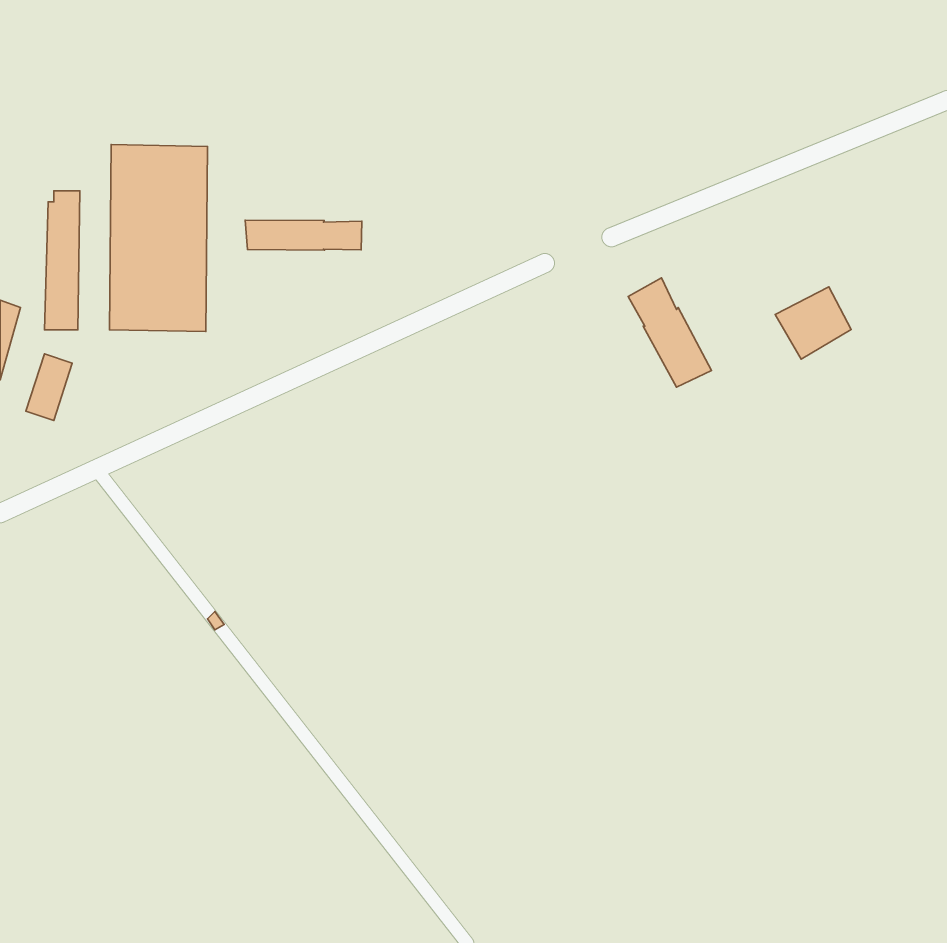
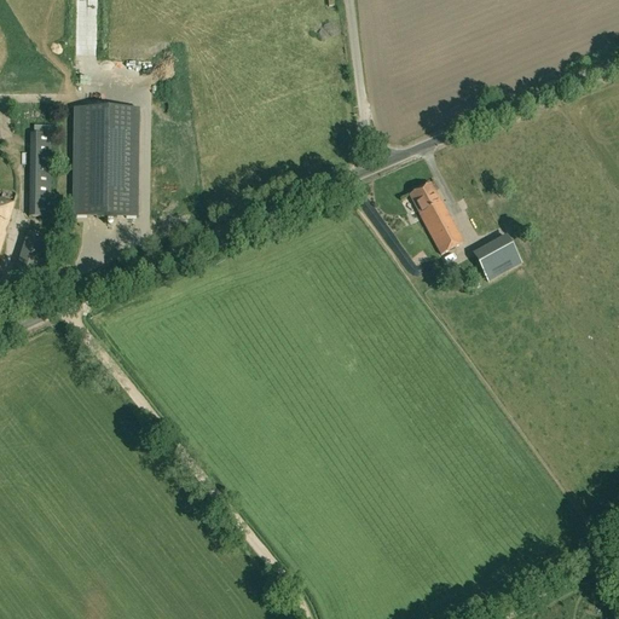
building: [245,220,362,250] -> none
building: [775,287,851,359] -> [473,235,522,282]

